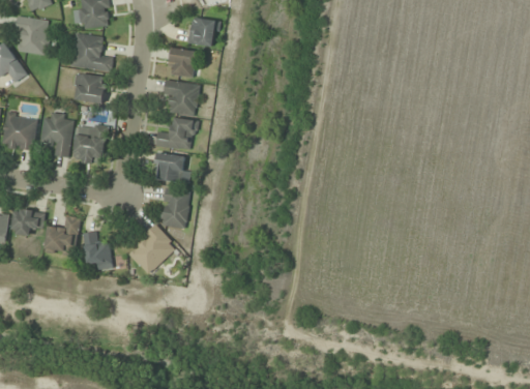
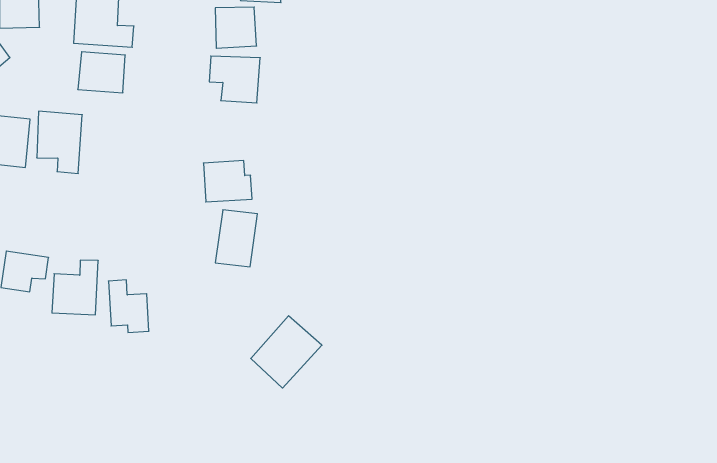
building: [156,117,196,150] -> none
building: [73,125,107,163] -> none
building: [127,225,177,274] -> [251,316,322,388]

